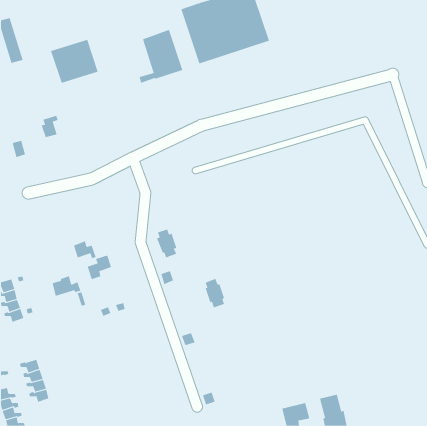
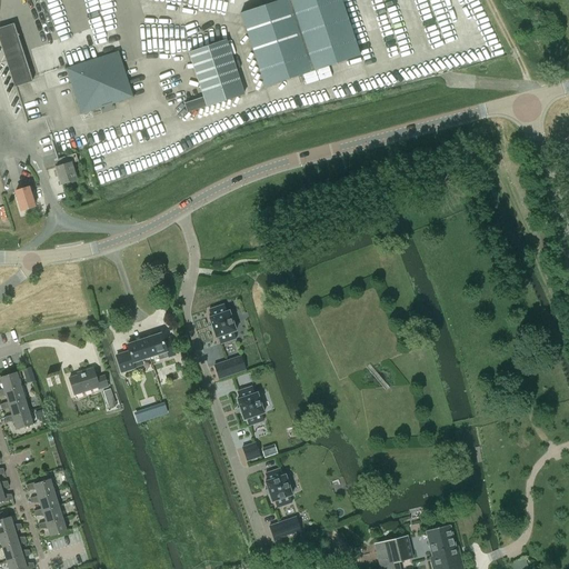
building: [73,241,96,259] -> [143,332,174,357]
building: [205,278,225,308] -> [237,386,263,426]
building: none -> [264,468,291,507]

